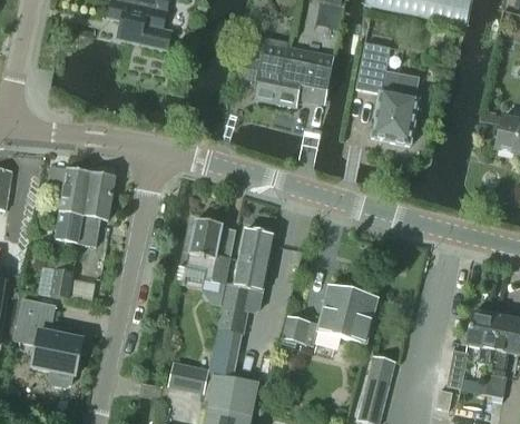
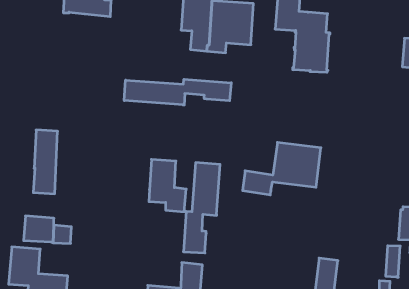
building: none -> [124,79,231,105]
building: [79,172,116,247] -> none
building: [281,287,376,346] -> [243,142,321,195]

